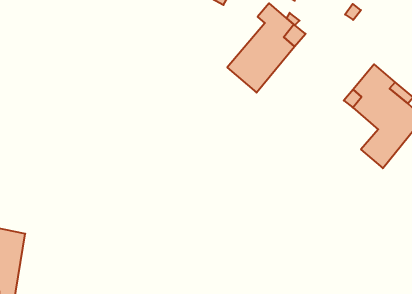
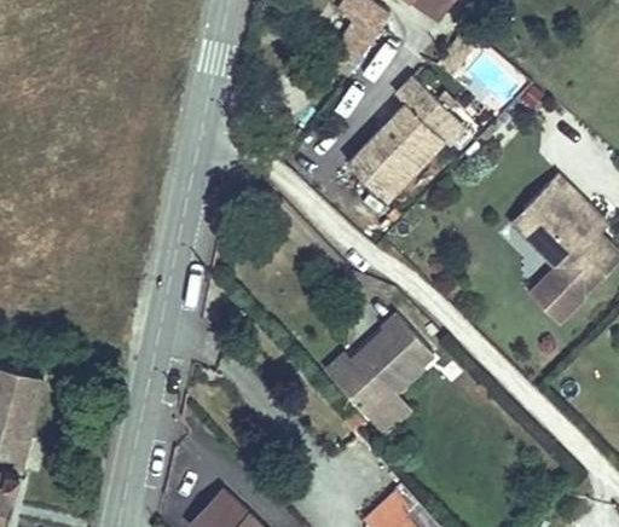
building: none -> [326,314,434,419]

